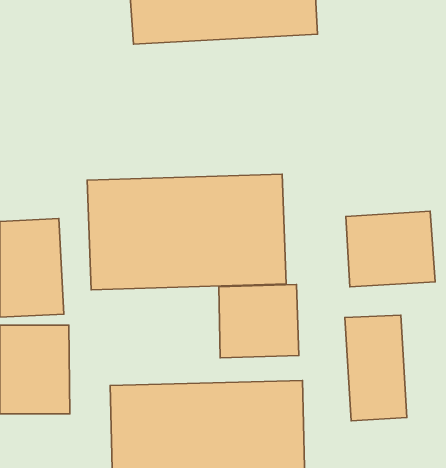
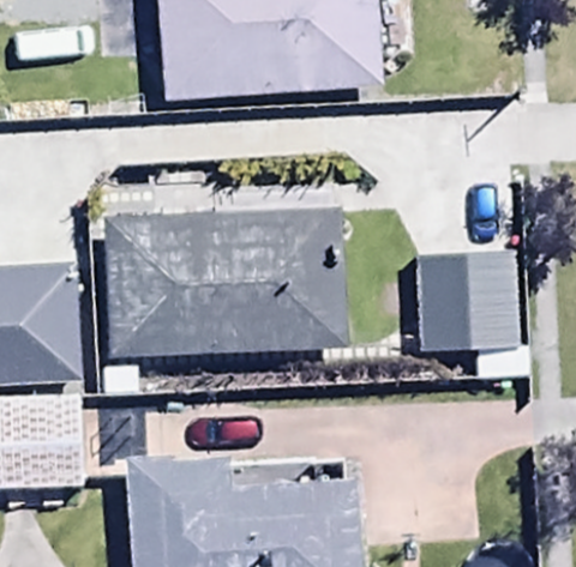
building: [219,285,299,358] -> none
building: [345,315,407,421] -> none

